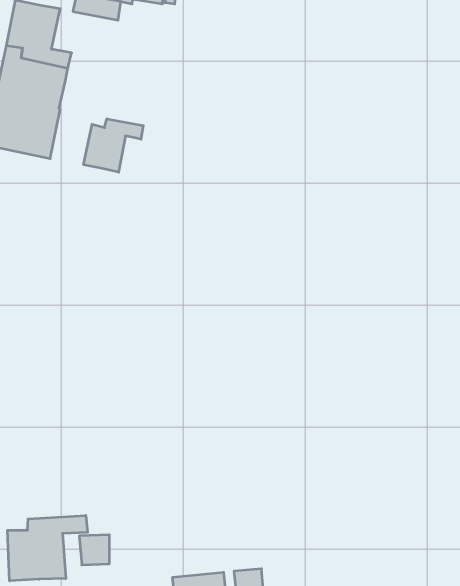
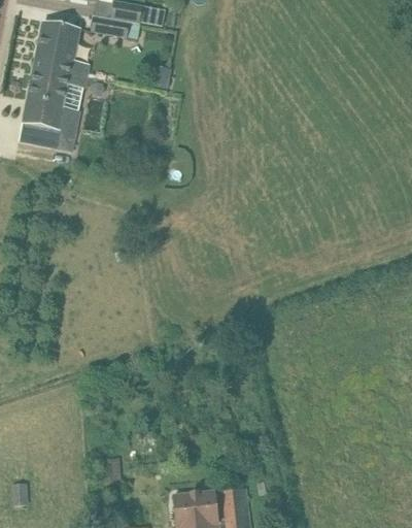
building: [84,119,143,172] -> none
building: [8,515,88,581] -> none

